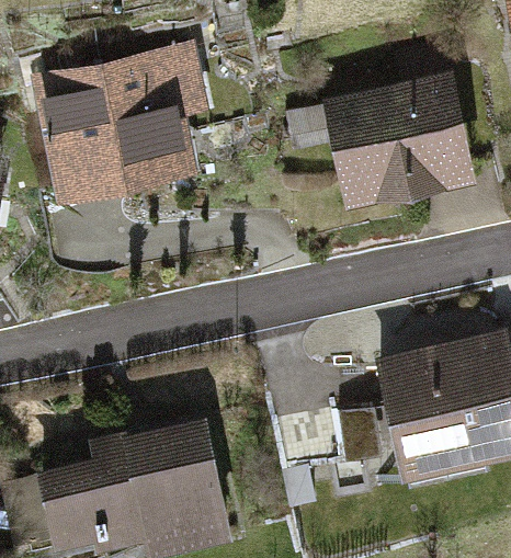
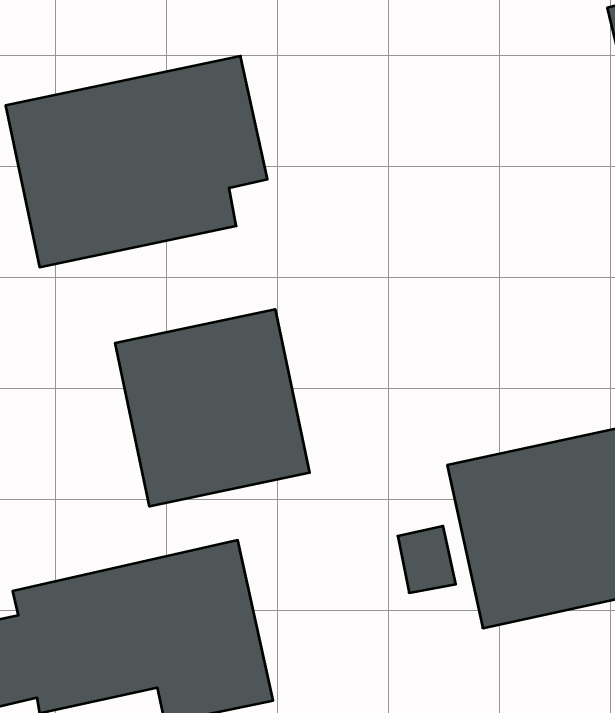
building: [279,72,479,210] -> none
building: none -> [115,309,310,506]

